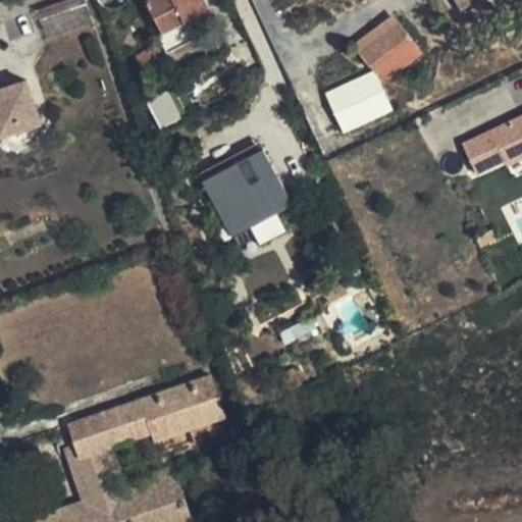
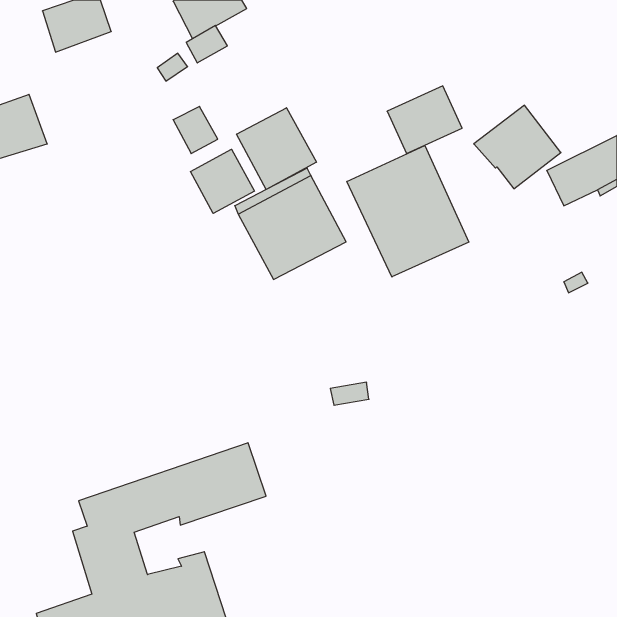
building: [349,14,422,85] -> [474,105,561,189]
building: none -> [237,108,316,189]
building: none -> [347,145,469,277]
building: none -> [190,149,254,213]

